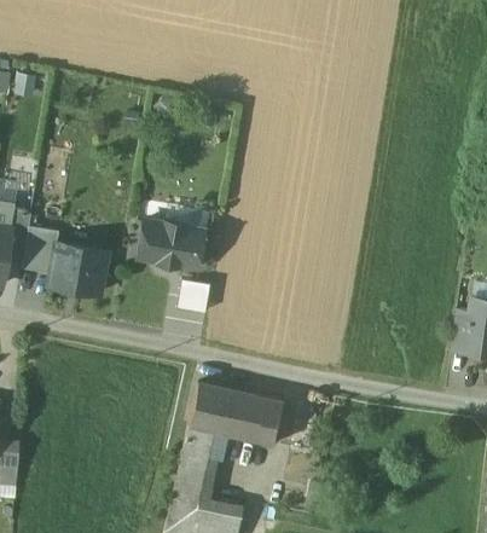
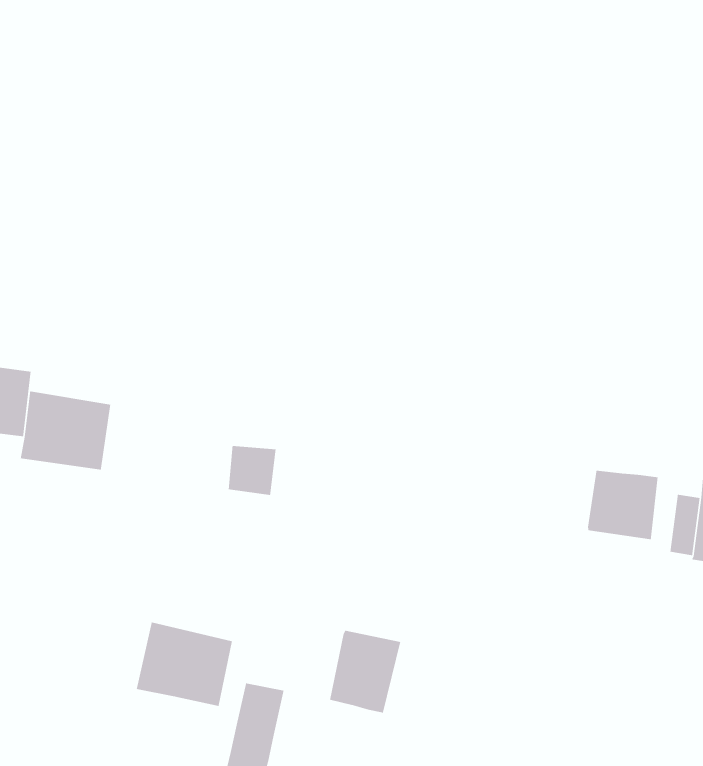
building: [138,220,205,267] -> none
building: none -> [587,470,658,540]
building: [191,383,251,436] -> [136,621,233,707]

